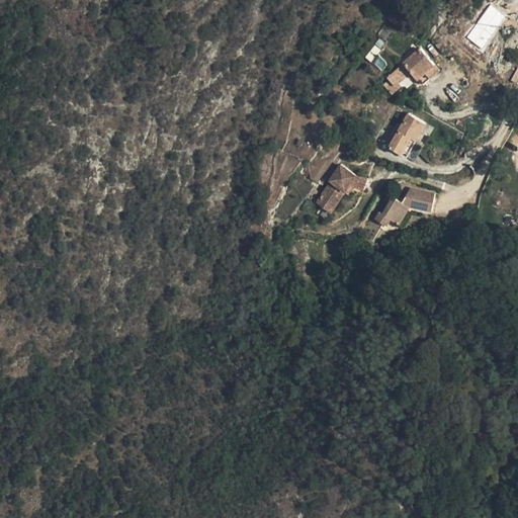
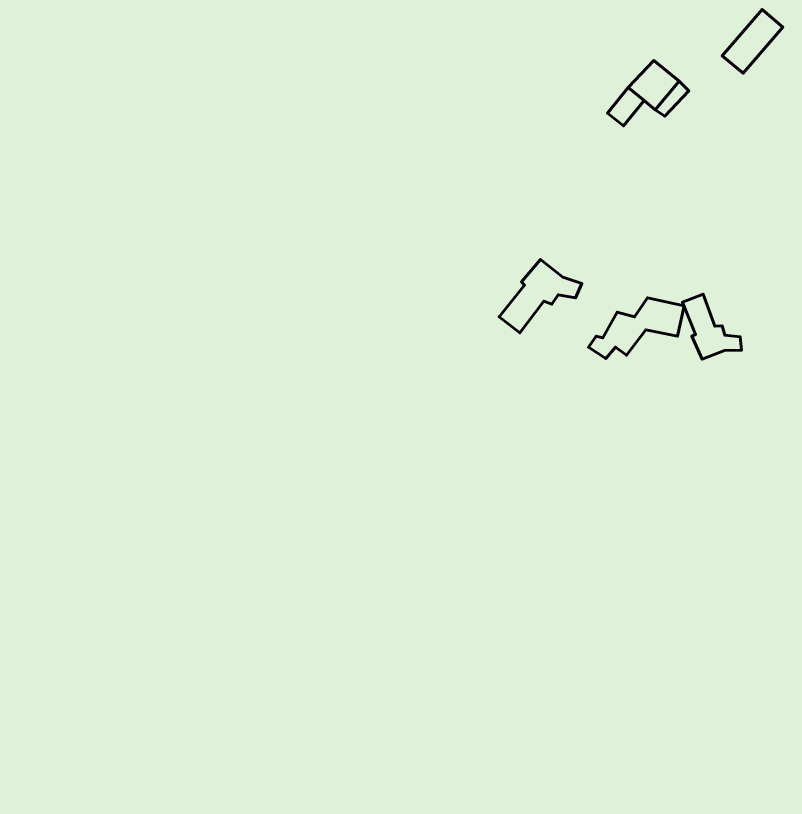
building: [390,119,422,156] -> none
building: none -> [683,294,742,359]

